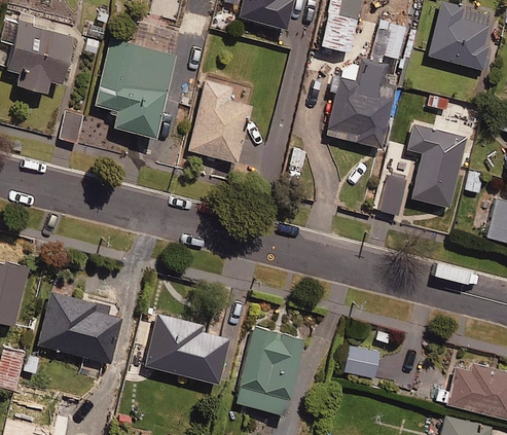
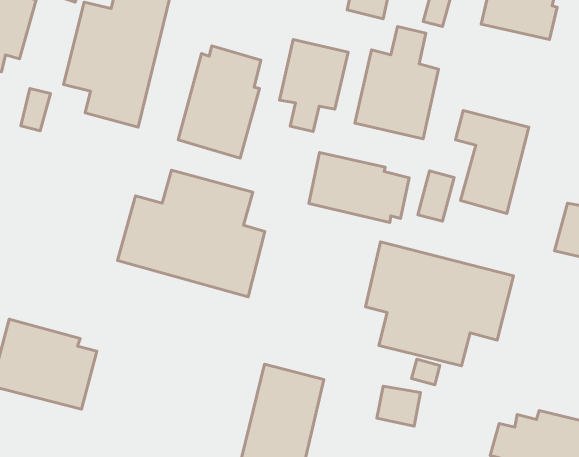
building: none -> [280,40,348,131]
building: none -> [309,152,409,222]
building: none -> [118,170,265,297]
building: none -> [365,242,513,366]
building: [145,316,228,386] -> none

